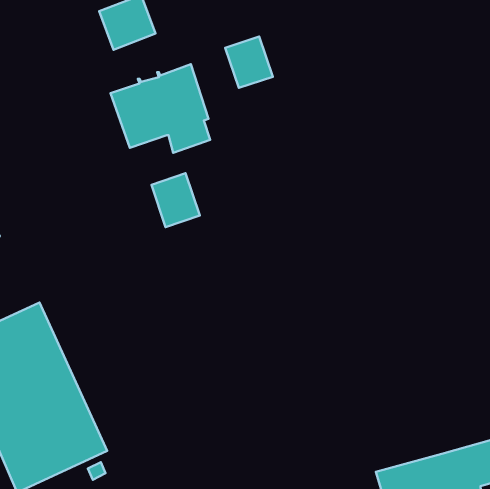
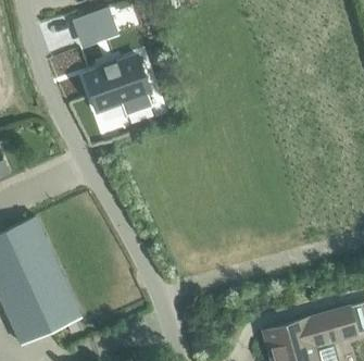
building: [225,37,273,88] -> none
building: [152,173,200,227] -> none

